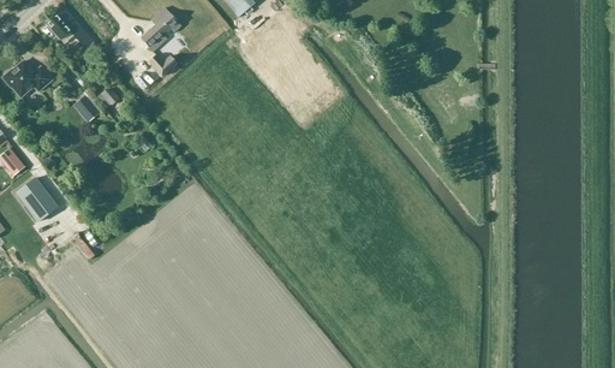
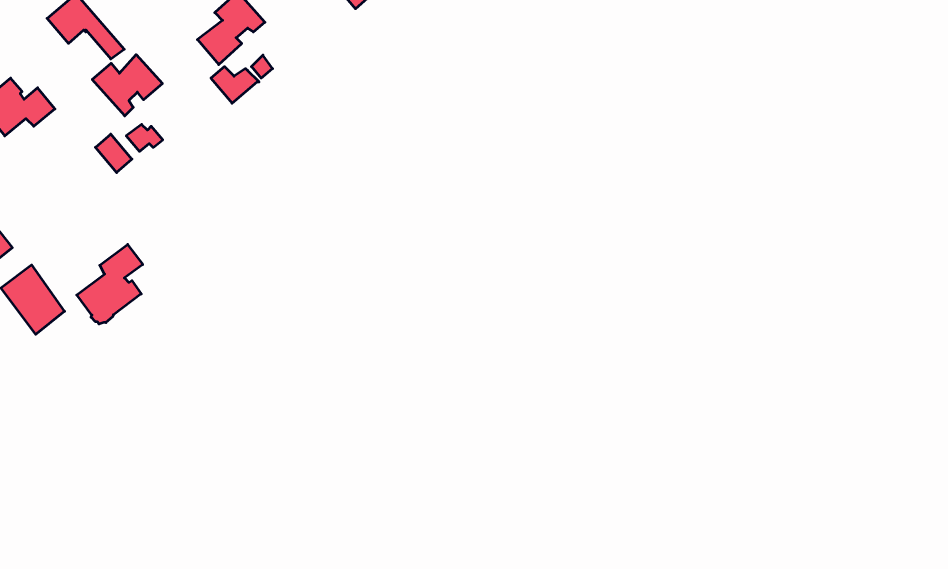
building: none -> [92,55,162,116]
building: none -> [77,244,143,324]

